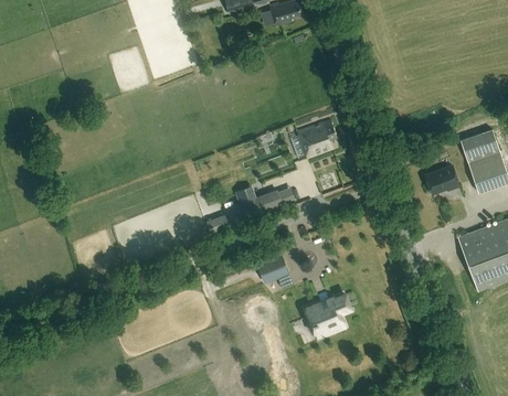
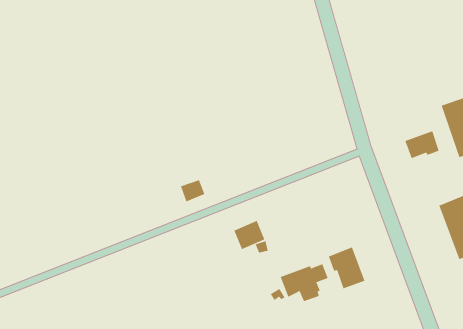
building: [297,119,337,158] -> none
building: [237,190,282,217] -> none
building: none -> [328,246,365,289]

